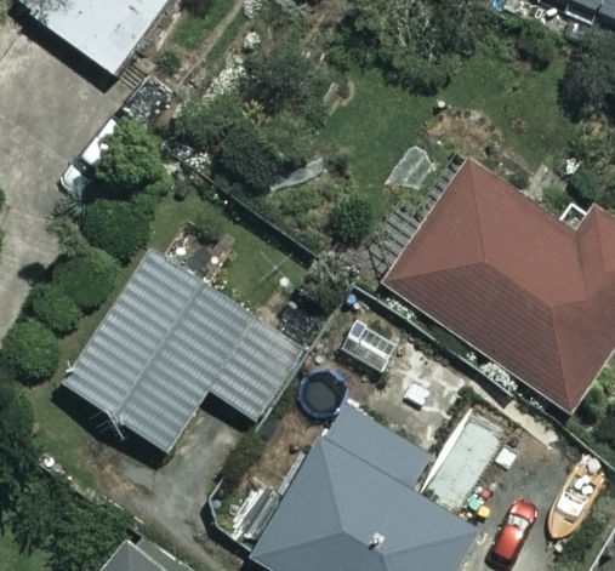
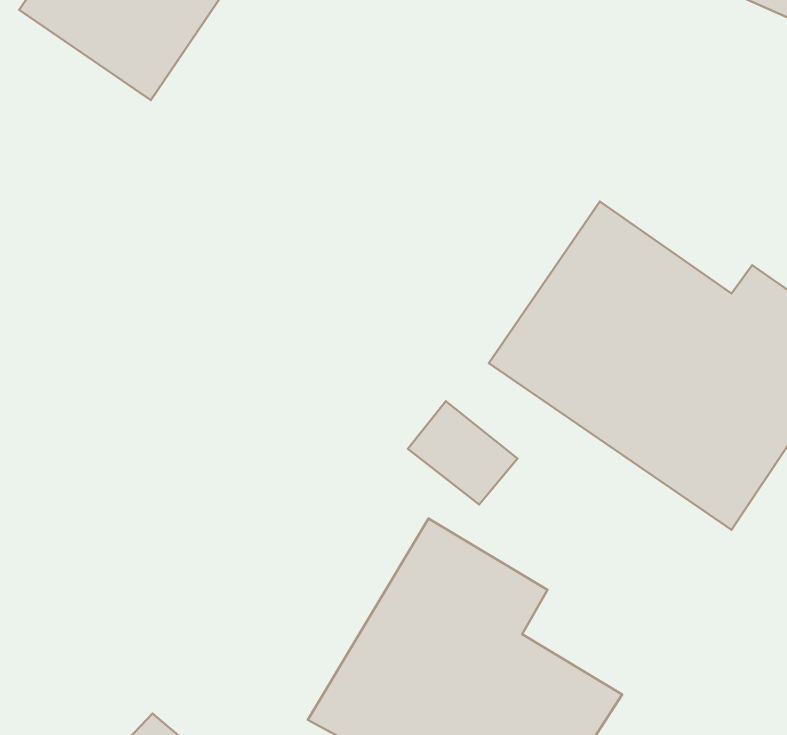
building: [57,250,304,461] -> none

